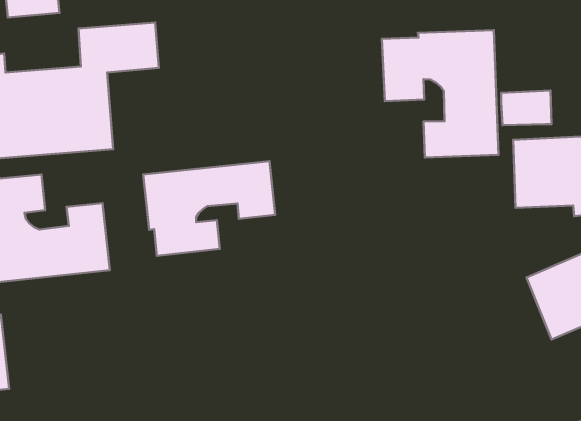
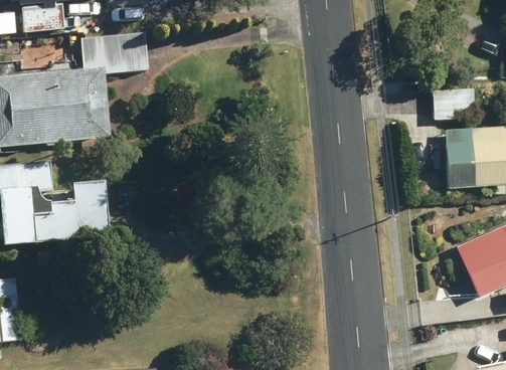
building: [382,30,498,157] -> none
building: [143,161,275,256] -> none

